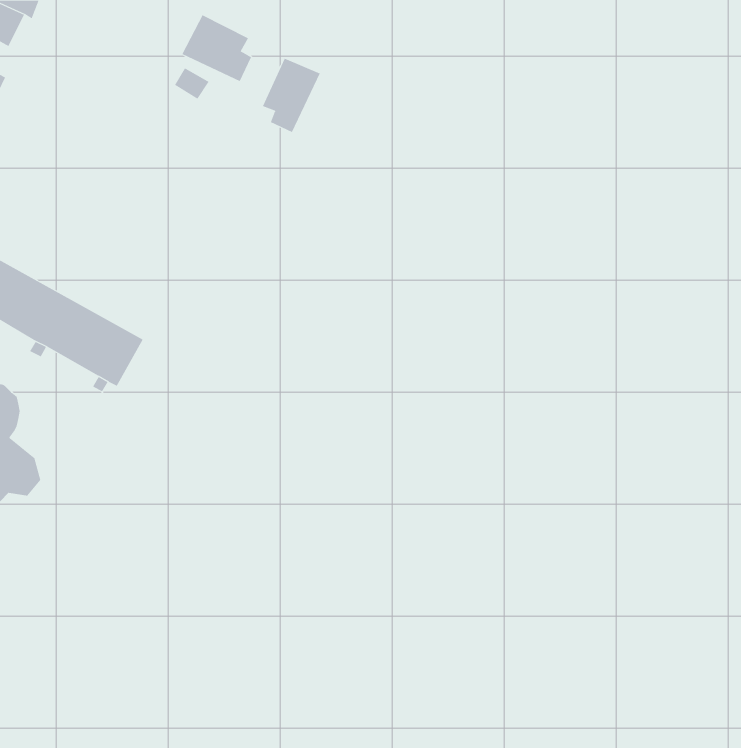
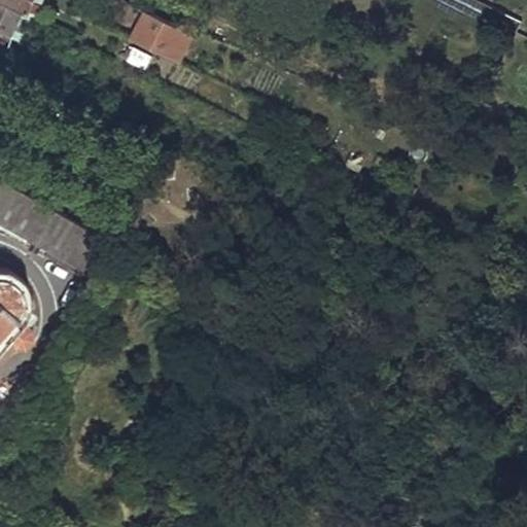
building: [262,58,321,133] -> none

